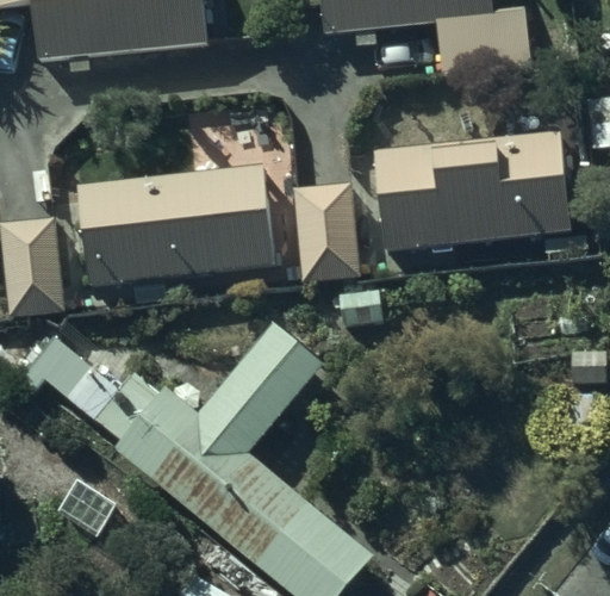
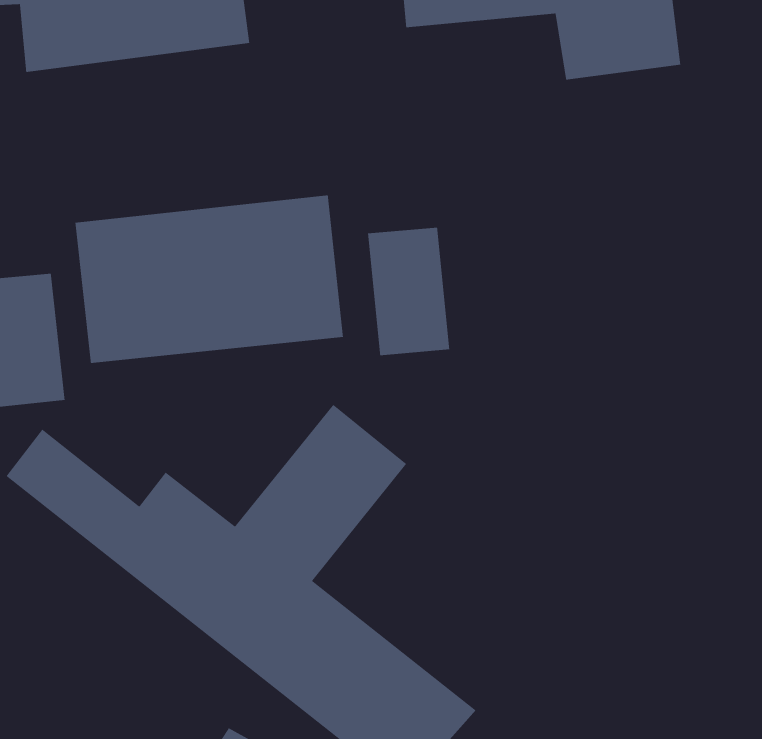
building: [373,122,575,257] -> none

